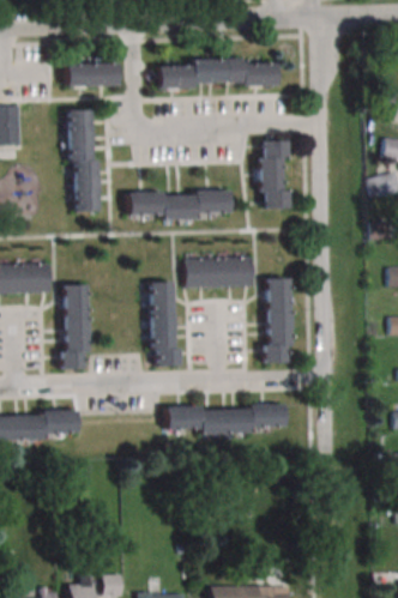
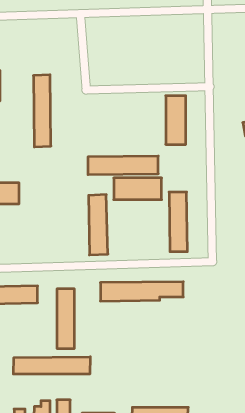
building: [159,59,278,87] -> none
building: [67,64,119,86] -> none
building: [128,191,229,217] -> [88,156,158,175]
building: [62,284,88,369] -> [57,289,74,348]
building: none -> [13,357,90,374]

